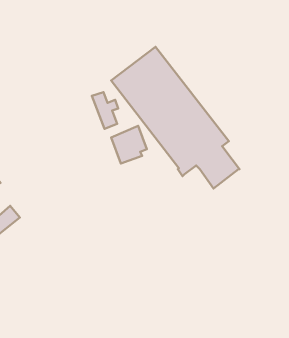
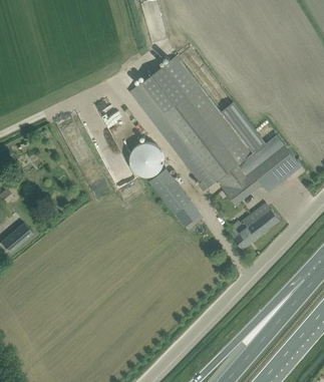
building: none -> [221,102,300,192]
building: none -> [148,167,200,224]
building: none -> [233,202,279,249]

